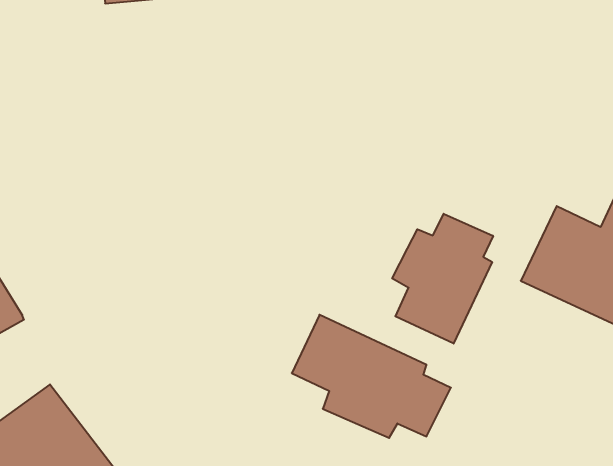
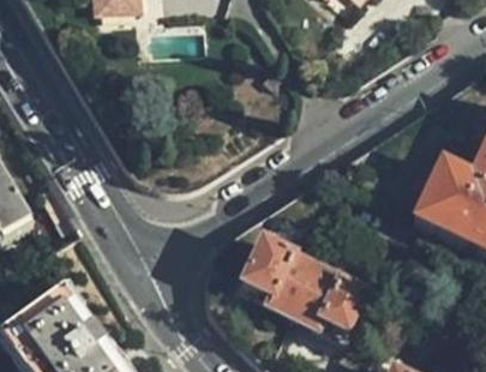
building: [392,214,493,344] -> none

